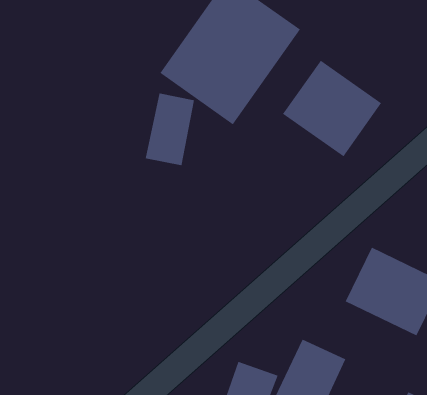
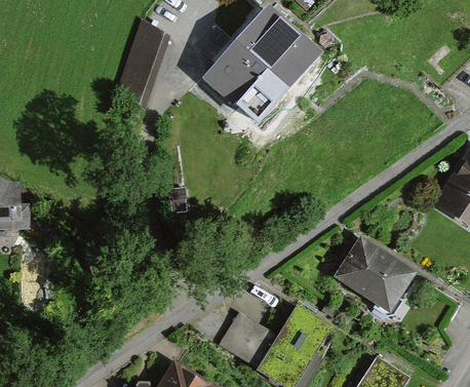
building: [282,60,382,157] -> none
building: [145,93,195,166] -> [122,22,168,83]

